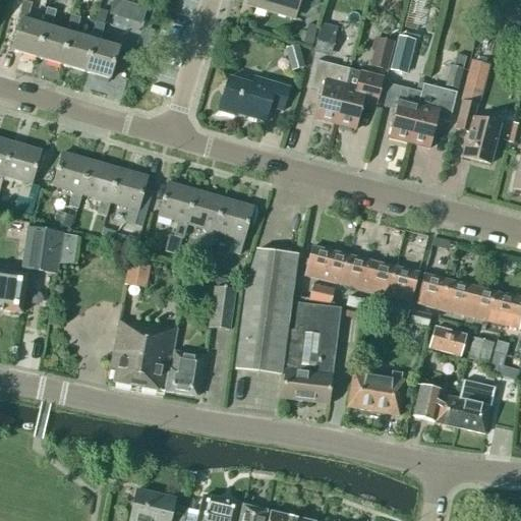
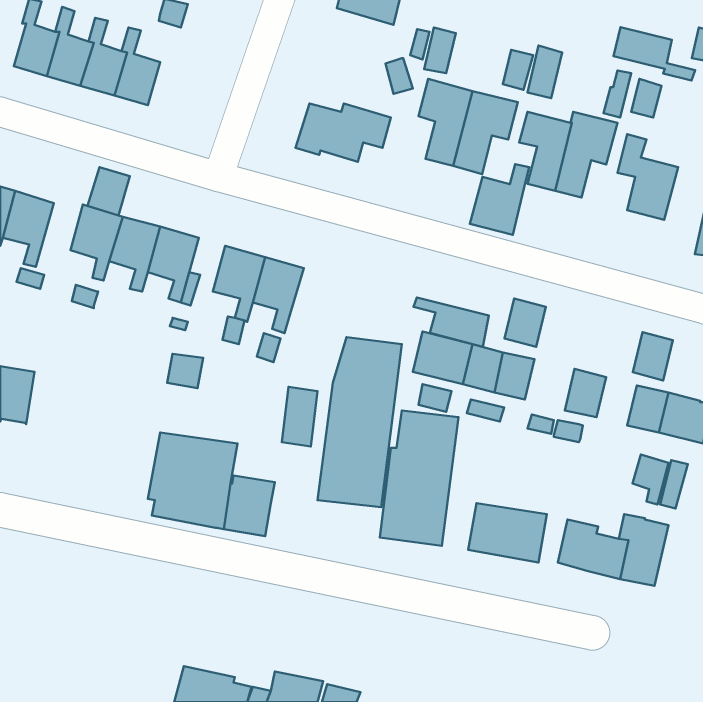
building: none -> [613,27,695,81]
building: none -> [470,164,529,235]
building: none -> [87,167,130,215]
building: [216,197,254,253] -> none
building: none -> [414,297,489,347]
building: [21,226,77,273] -> none
building: [389,265,419,300] -> [504,298,546,347]
building: [442,278,471,313] -> [633,332,673,380]
building: [430,326,467,354] -> none

